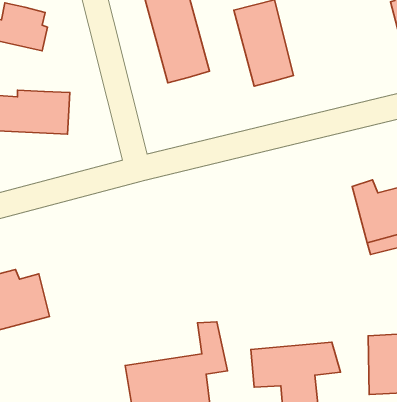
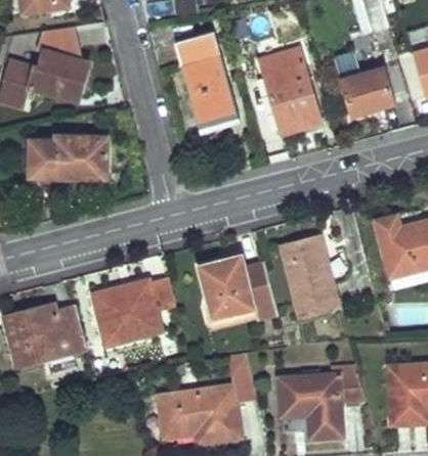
building: none -> [341,64,391,108]
building: none -> [281,241,336,317]
building: none -> [199,259,275,321]
building: none -> [92,279,174,345]

